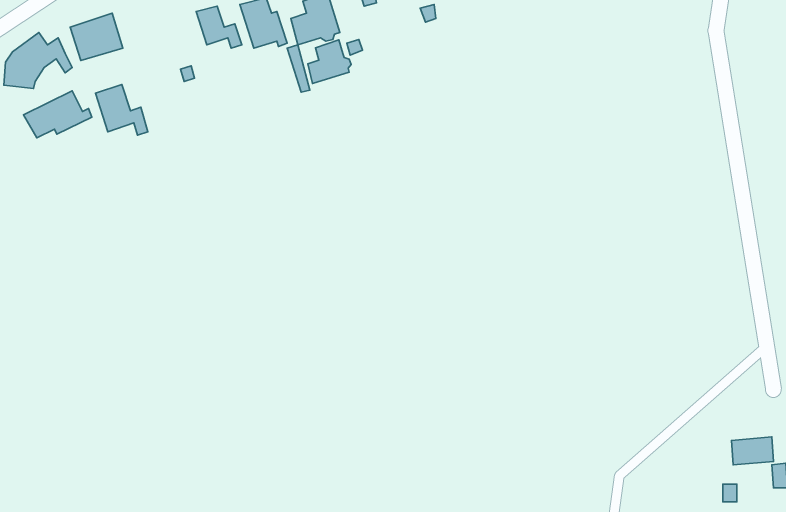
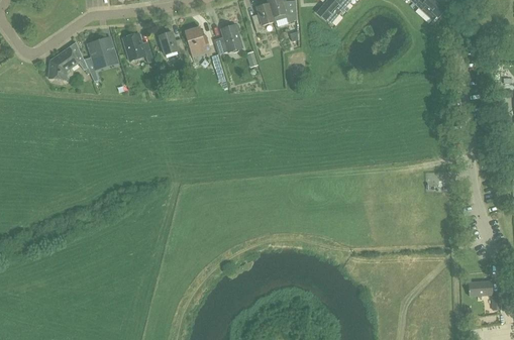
building: [308,40,351,83] -> none
building: [95,84,148,135] -> [122,32,152,62]
building: [24,91,92,138] -> none

